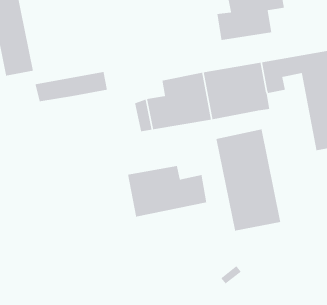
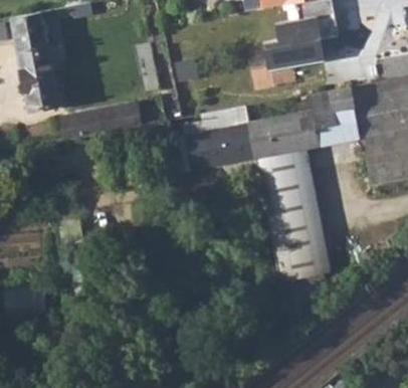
building: none -> [256,148,312,178]
building: [127,165,207,217] -> none

